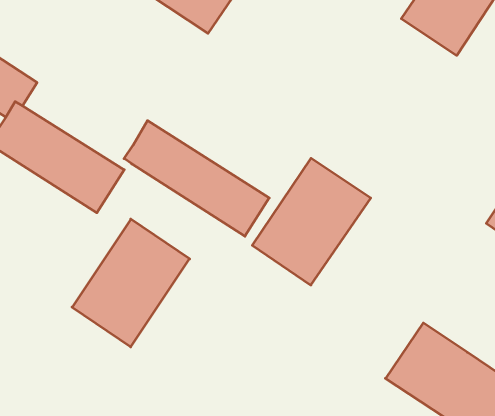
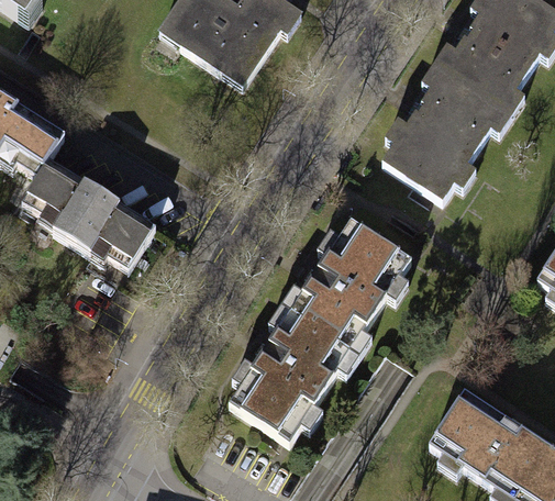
building: none -> [386,69,503,197]
building: [124,121,269,236] -> none
building: [72,219,190,347] -> [227,307,351,441]

